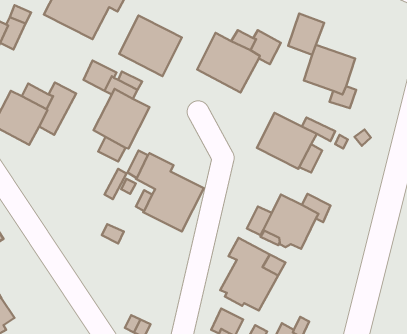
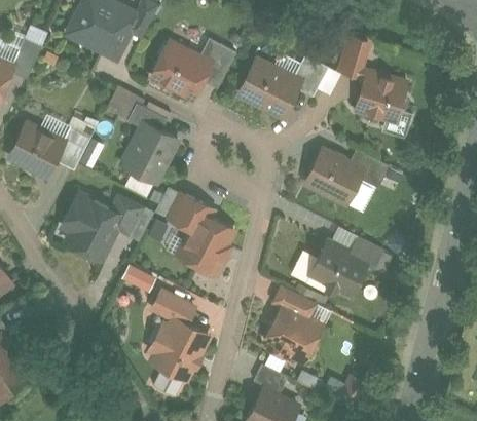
building: none -> [203,39,236,68]
building: none -> [57,192,144,265]
building: none -> [139,282,214,378]

